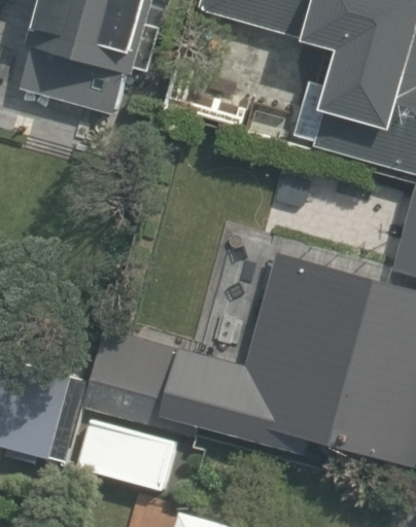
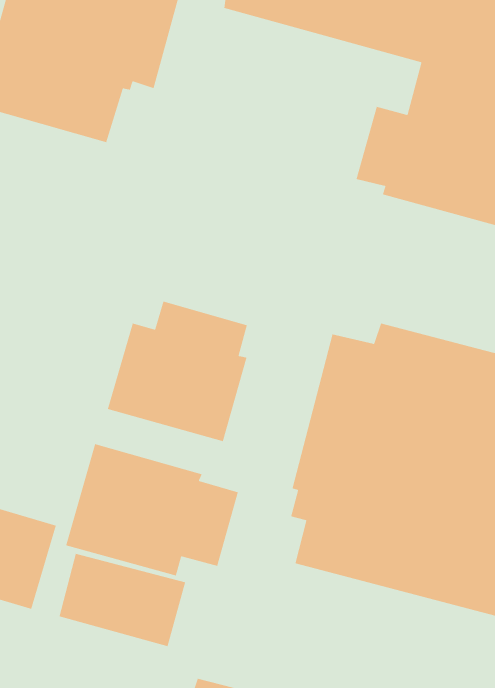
building: none -> [107,301,248,442]

